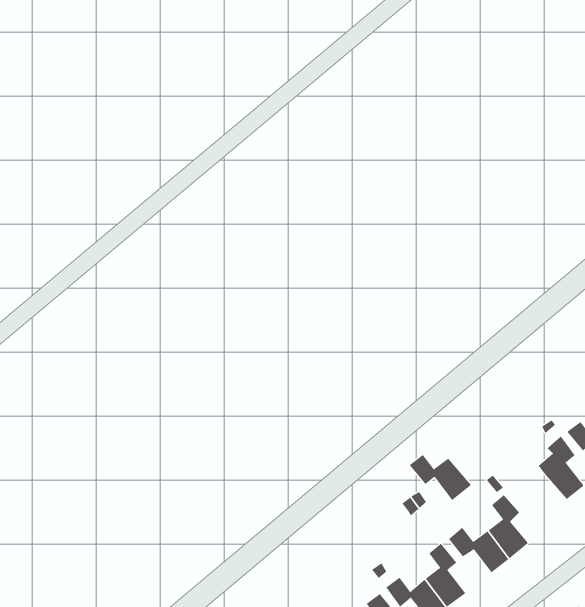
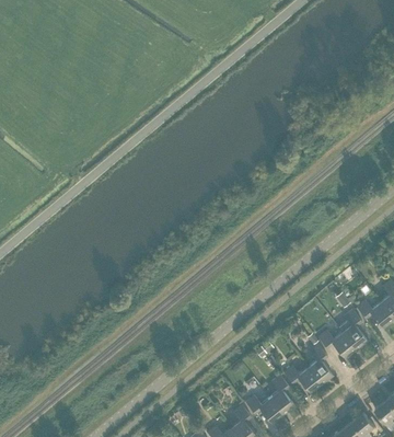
building: [409,454,472,501] -> [317,331,356,359]

